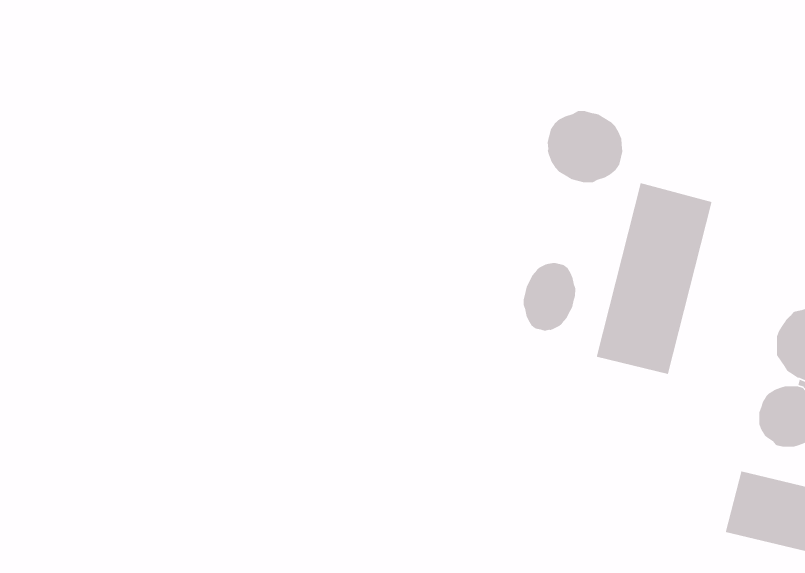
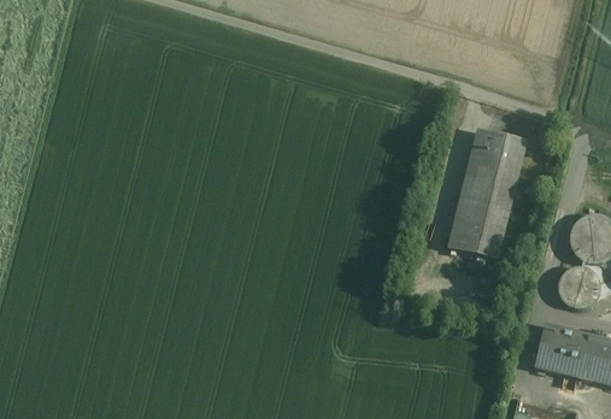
building: [547,110,623,183] -> none
building: [523,262,576,331] -> none

